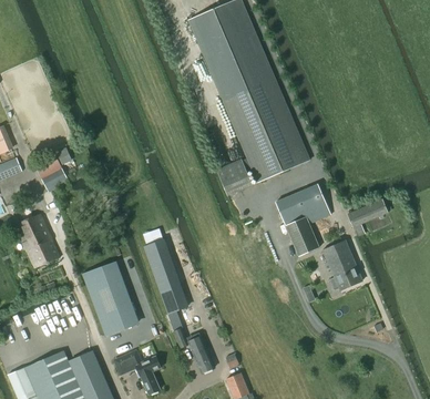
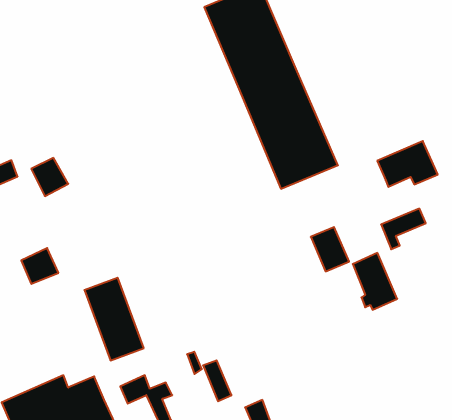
building: [276,184,330,225] -> [377,141,438,187]
building: [16,214,49,246] -> none
building: [143,239,186,314] -> none

